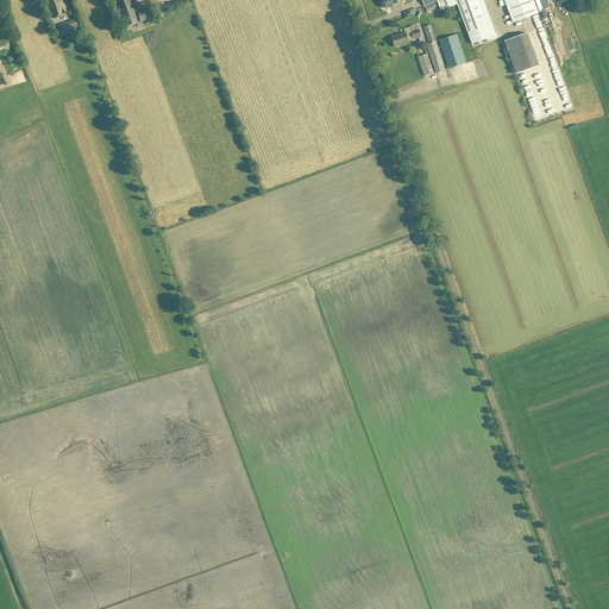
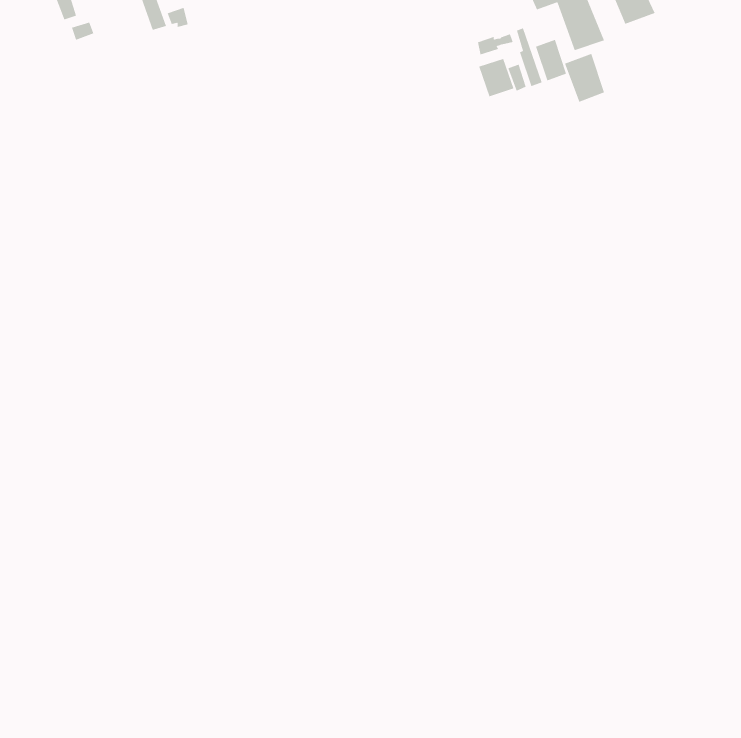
building: [504,31,538,71] -> [564,53,605,103]
building: none -> [479,58,514,97]

